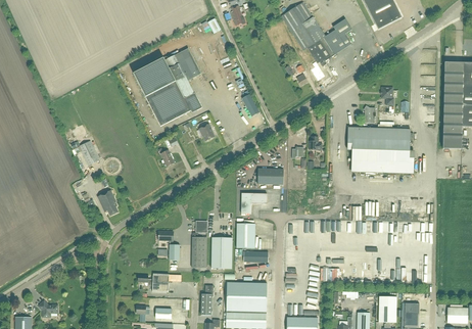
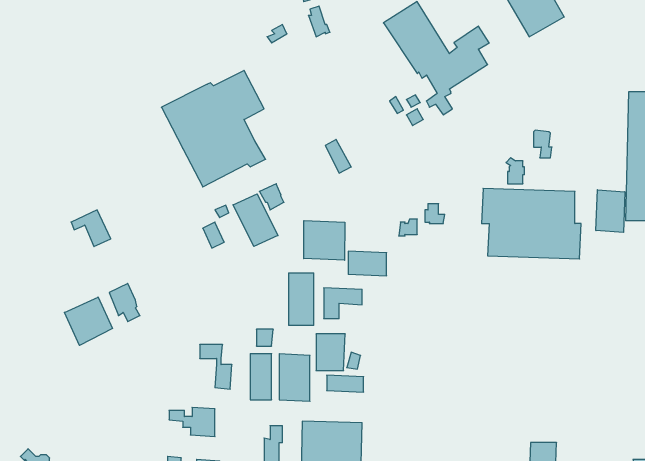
building: none -> [596,190,625,232]
building: none -> [233,194,278,246]
building: none -> [304,221,345,260]
building: none -> [289,273,314,325]
building: none -> [64,297,112,345]

